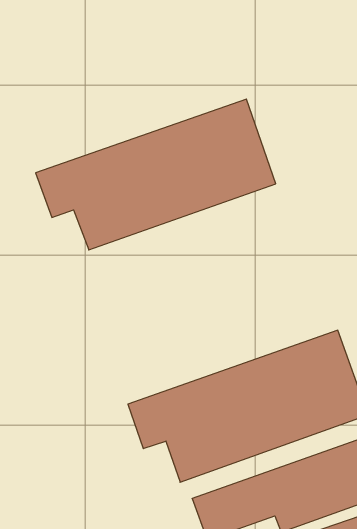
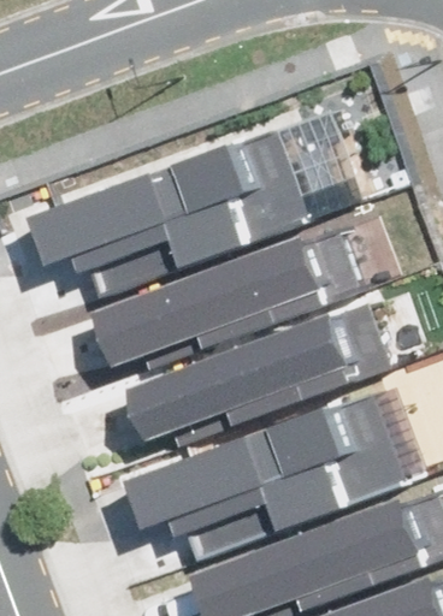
building: none -> [117,235,355,356]
building: none -> [143,307,382,428]

